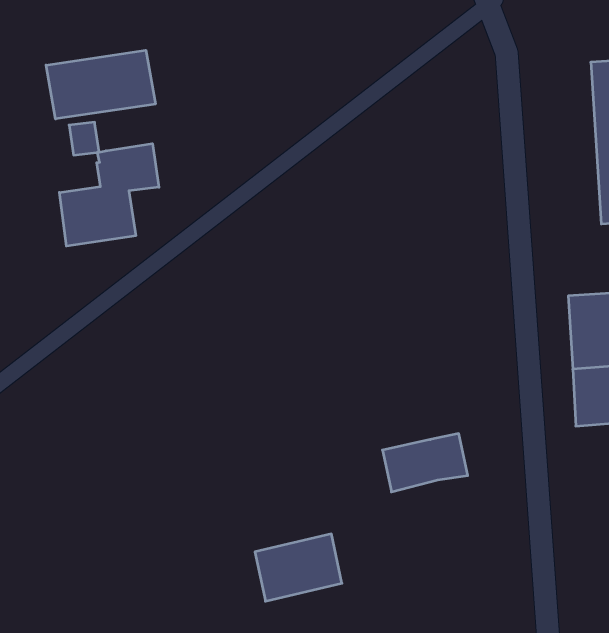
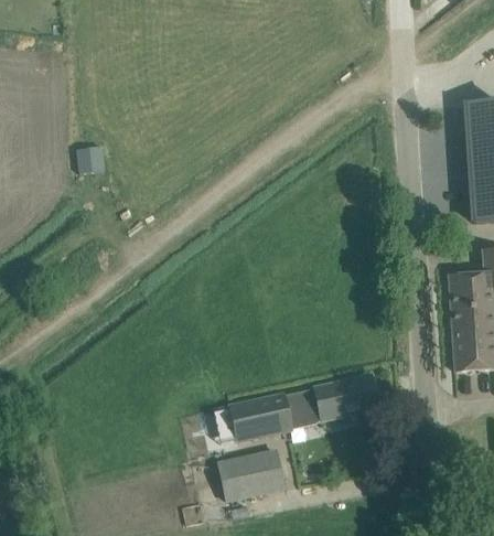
building: [46,50,155,119] -> none
building: [59,144,159,246] -> none
building: none -> [227,388,319,442]

